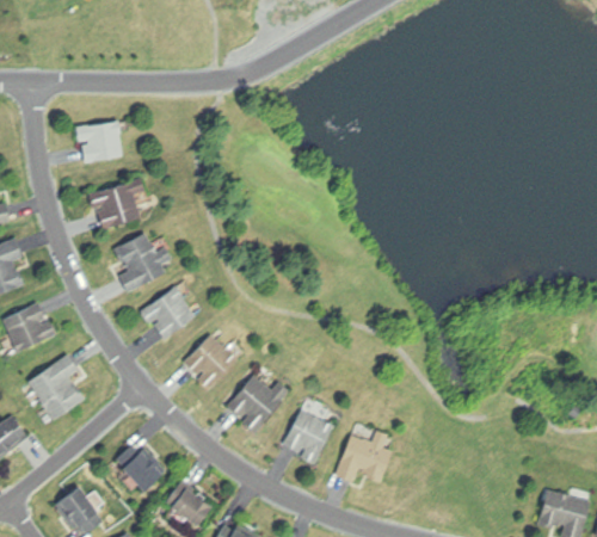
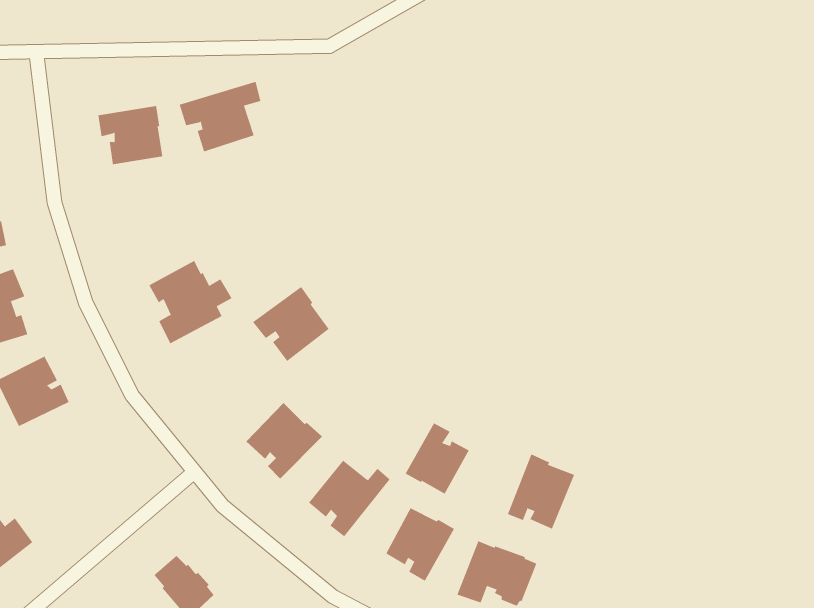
building: [84,177,143,228] -> [179,81,261,152]
building: [139,285,195,340] -> [252,286,330,362]
building: none -> [405,422,470,494]
building: [26,354,84,420] -> none
building: none -> [507,453,575,530]

